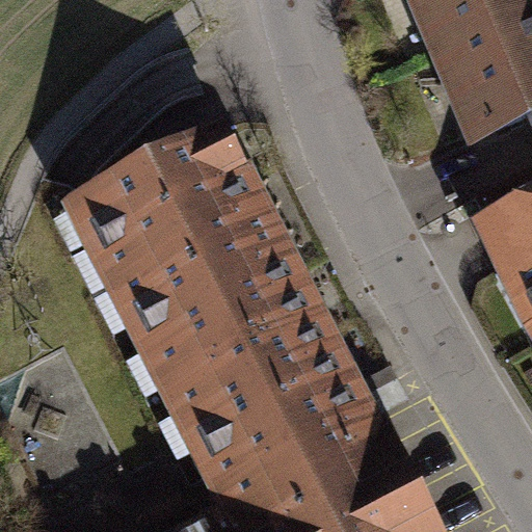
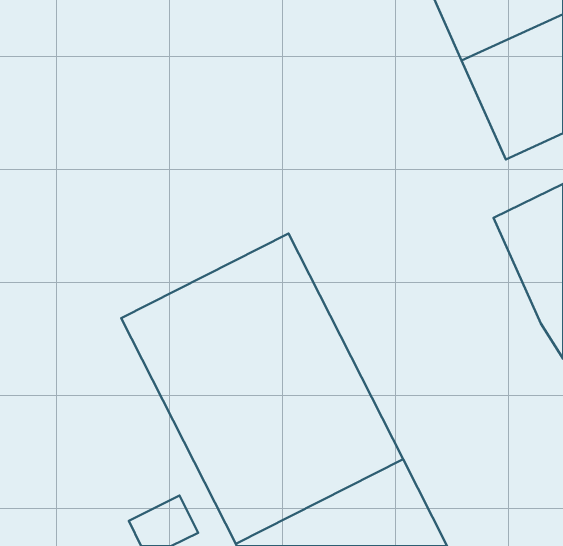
building: [71,136,272,300] -> none

